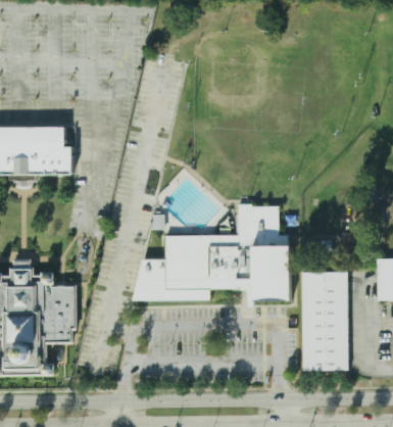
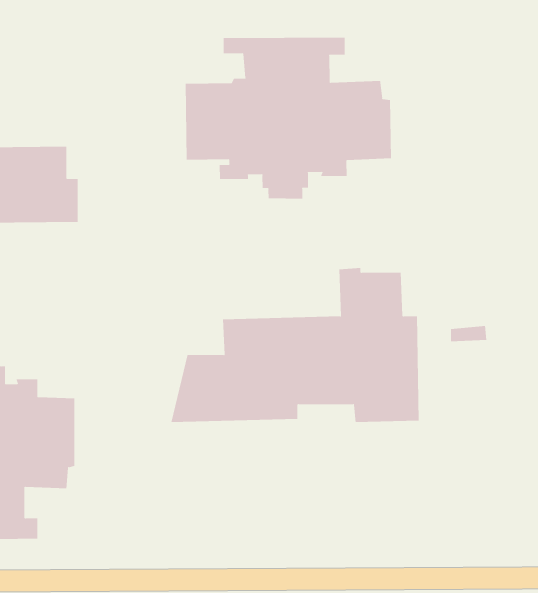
building: none -> [185,37,391,200]
building: [301,271,348,369] -> none

